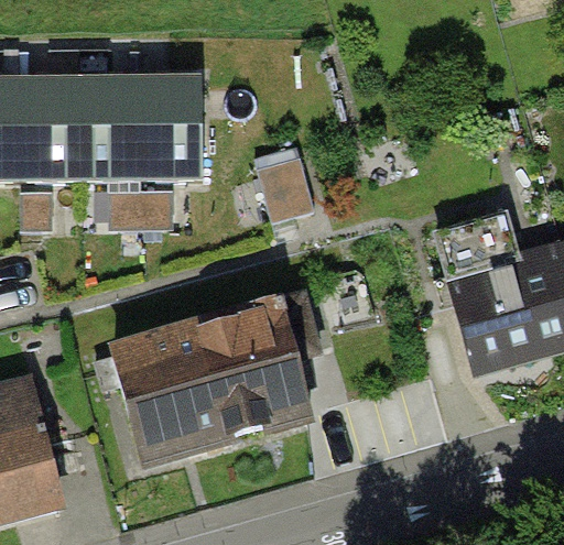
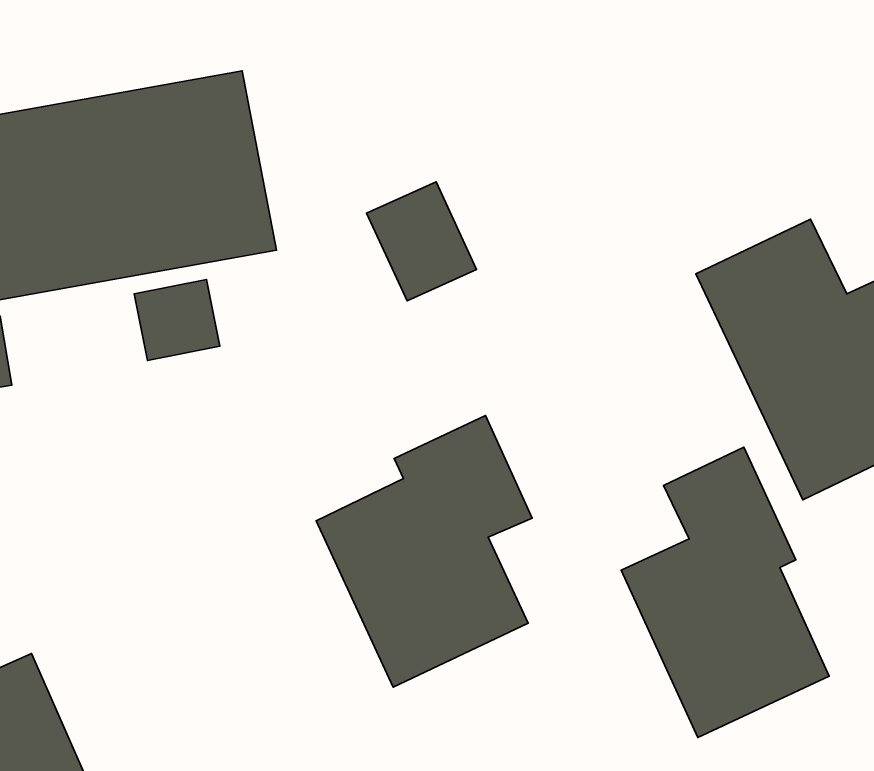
building: none -> [621,447,829,737]
building: [96,333,228,456] -> none

